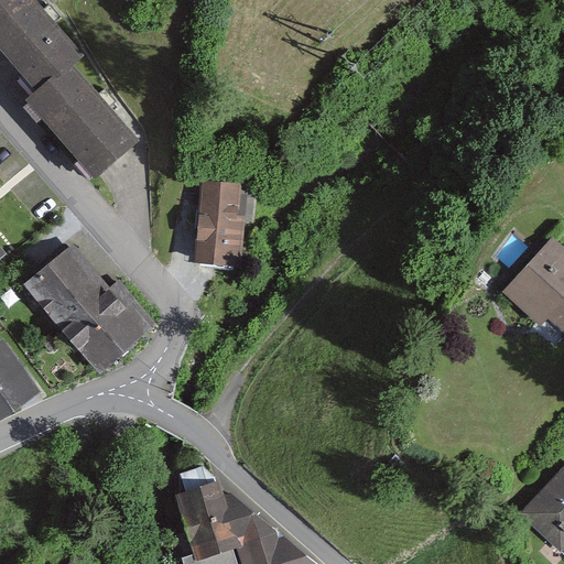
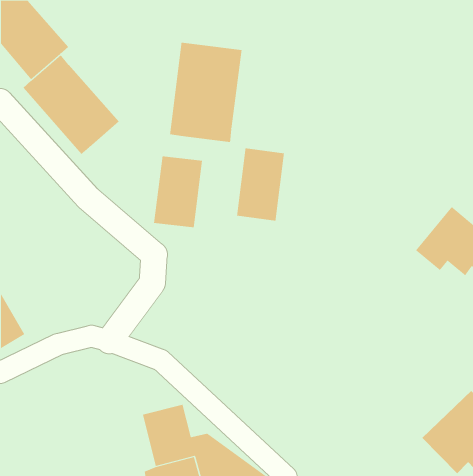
building: none -> [169,42,242,143]
building: none -> [237,148,285,222]
building: [19,239,164,380] -> none

